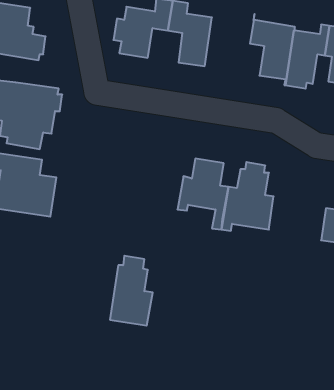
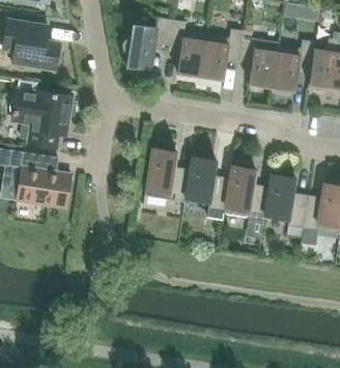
building: none -> [200,28,244,80]
building: none -> [256,174,306,228]
building: [110,256,153,326] -> [144,140,181,201]

